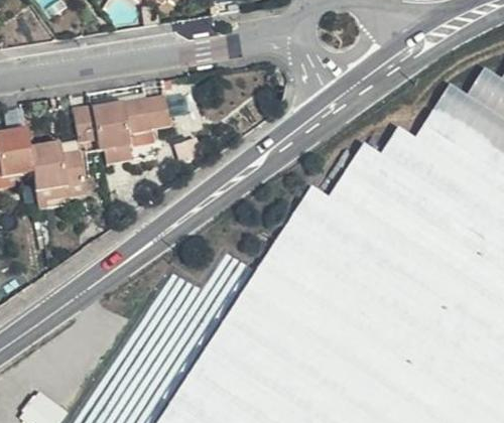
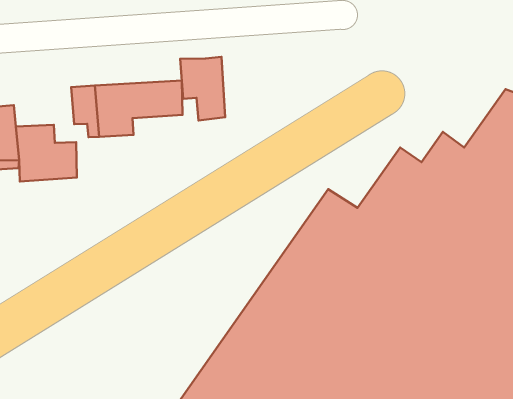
building: none -> [180,57,225,120]

